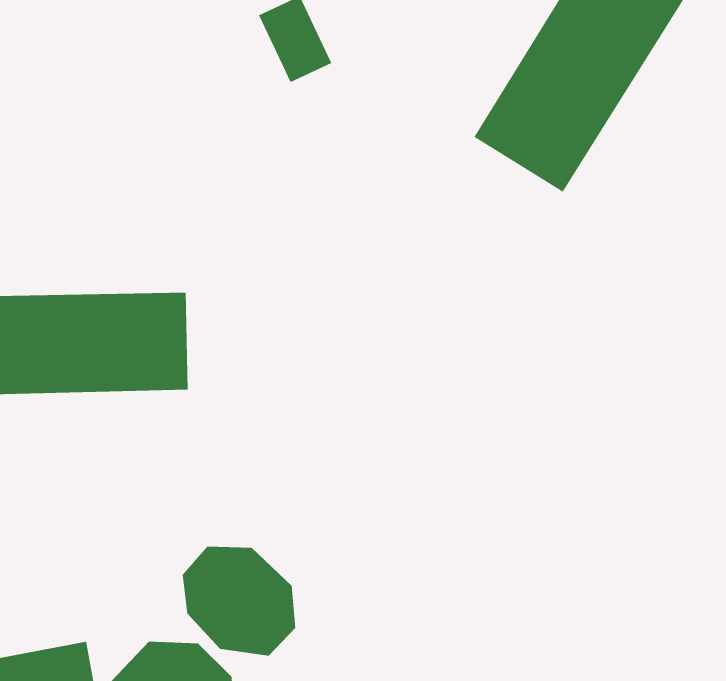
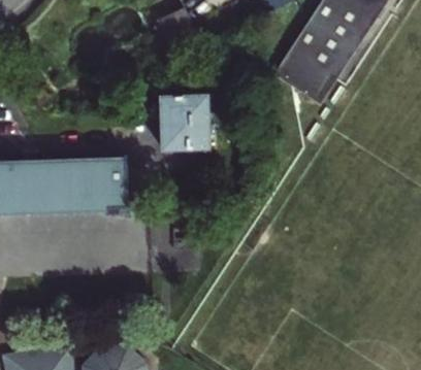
building: none -> [161,97,209,152]
building: [182,546,296,657] -> none

